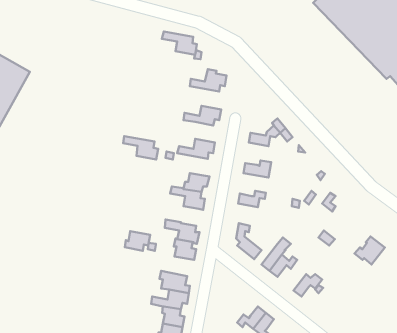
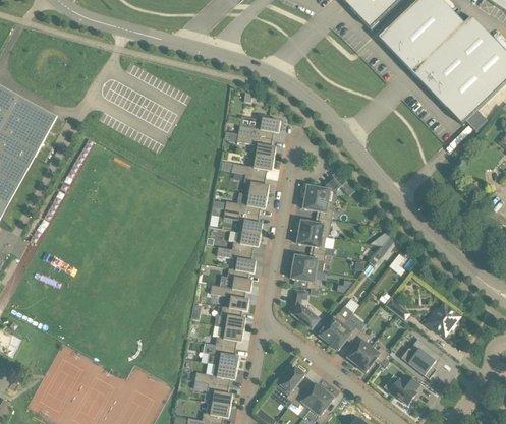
building: [162,32,197,55] -> [236,131,276,158]
building: none -> [243,172,269,195]
building: [123,136,158,159] -> [223,207,263,234]
building: none -> [303,195,333,218]
building: none -> [297,230,334,254]
building: none -> [291,264,321,288]
building: none -> [227,266,252,291]
building: [125,231,150,251] -> [215,324,243,347]
building: none -> [347,328,371,363]
building: none -> [401,337,440,378]
building: none -> [279,365,304,400]
building: none -> [388,372,419,403]

